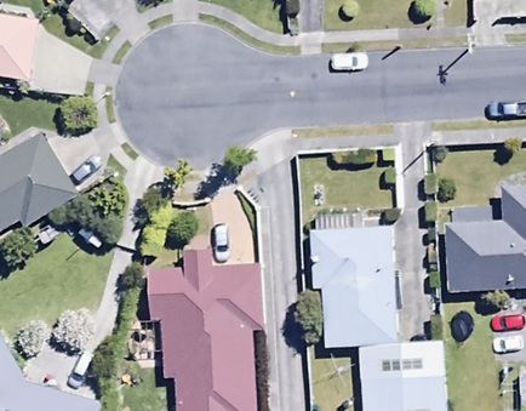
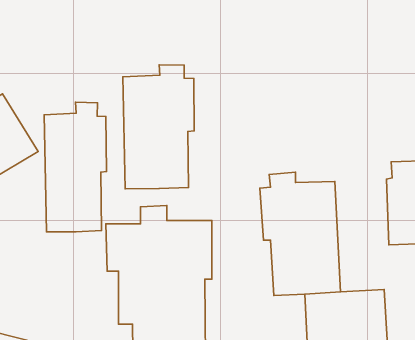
building: none -> [123,65,194,189]
building: none -> [44,102,106,232]

